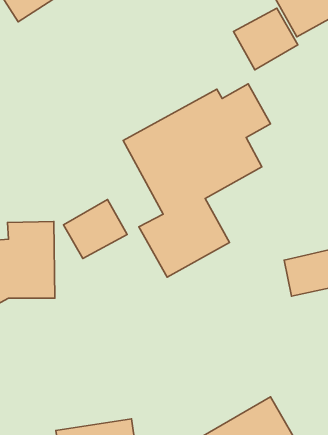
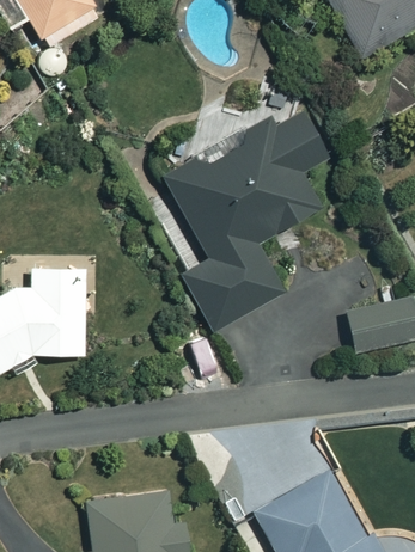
building: [234,8,298,70] -> none
building: [63,200,127,259] -> none

